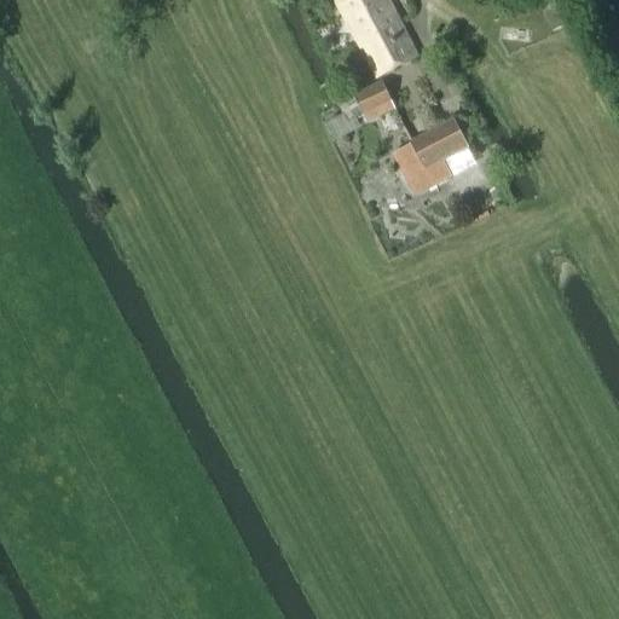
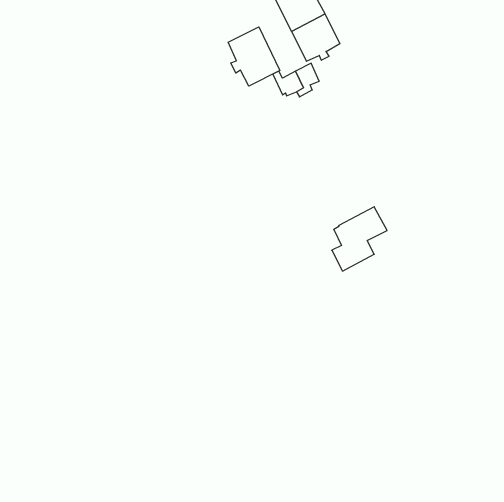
building: none -> [228,27,280,86]
building: [403,116,470,195] -> [332,207,387,271]

